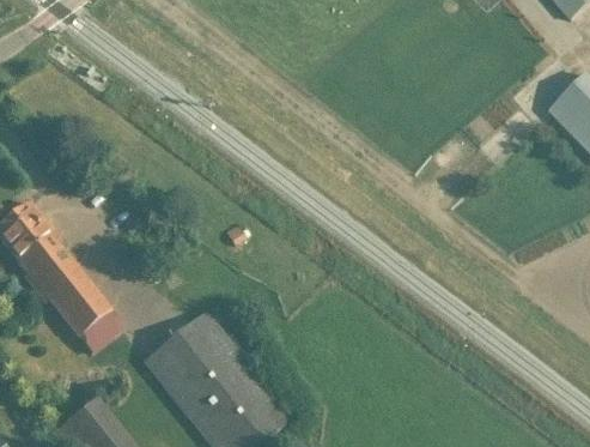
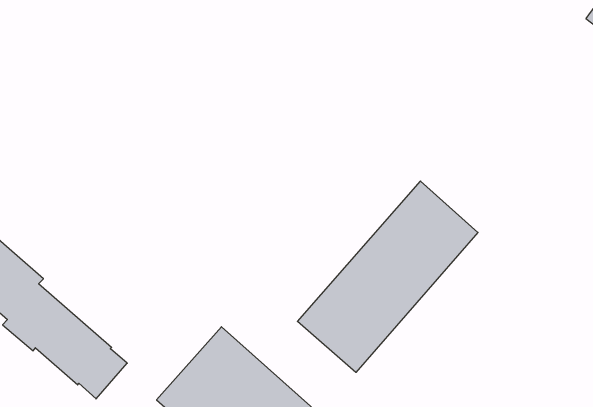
building: none -> [297,181,478,372]

